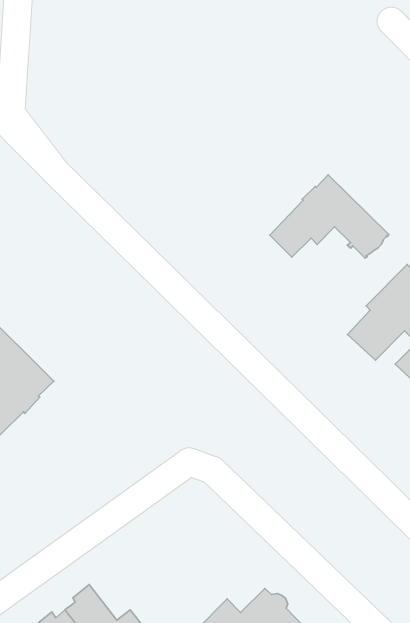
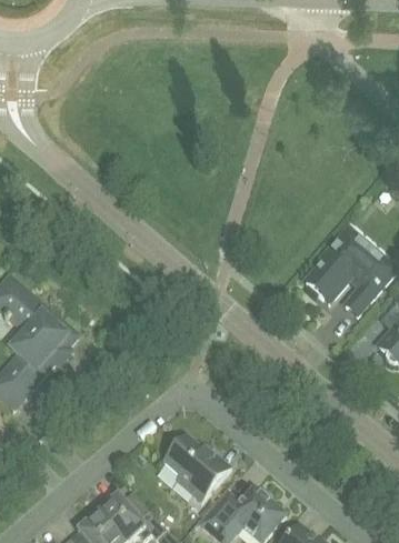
building: [270,175,389,258] -> none
building: none -> [162,435,230,501]

